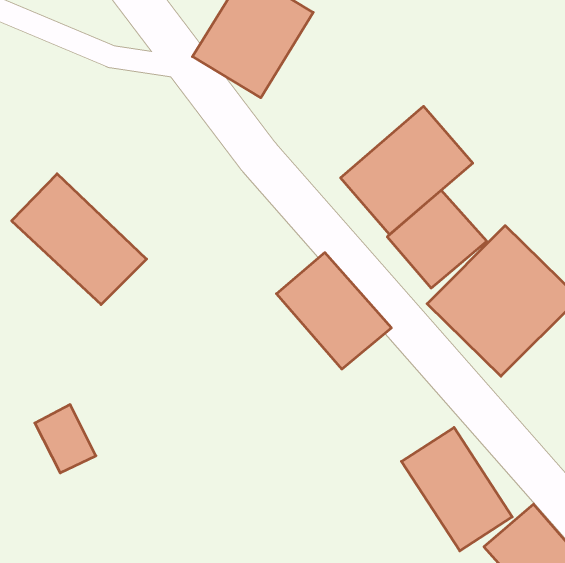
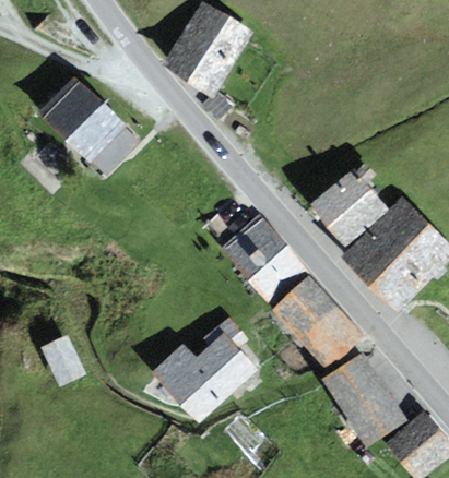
building: [341,106,473,235] -> none
building: [12,174,147,305] -> [36,76,140,177]
building: none -> [275,275,365,370]
building: none -> [152,316,257,422]

